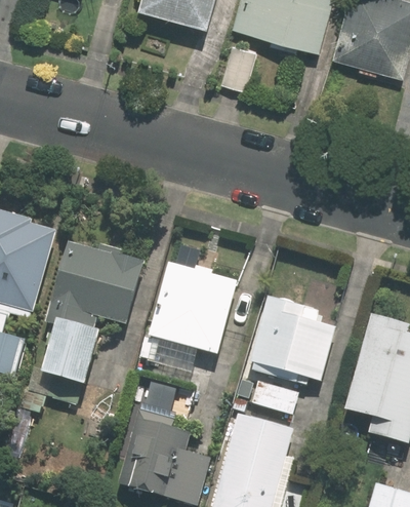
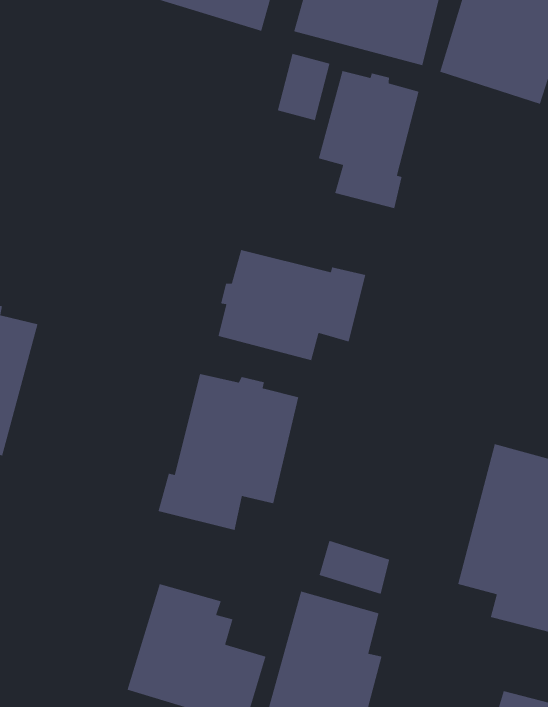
building: none -> [318,70,420,209]
building: none -> [218,249,366,361]
building: [42,238,145,384] -> none
building: [248,297,336,381] -> none

